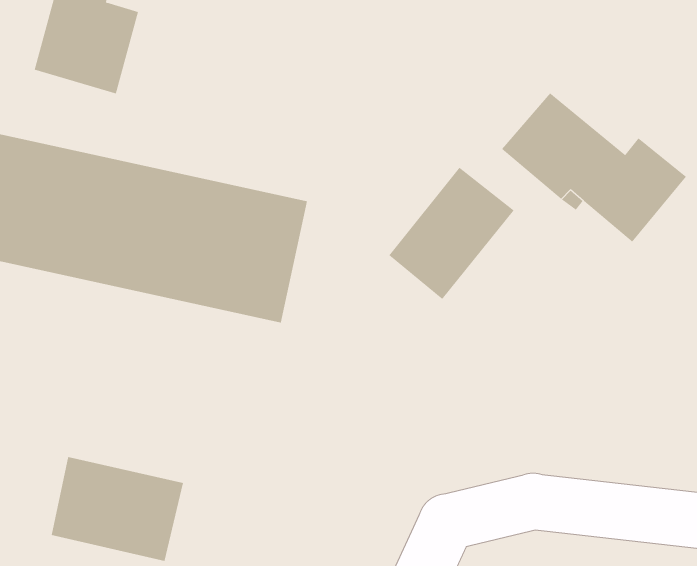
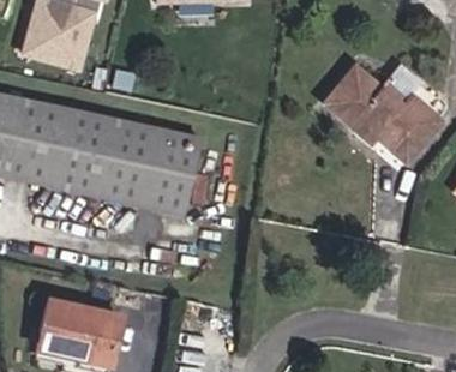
building: [389,167,515,300] -> none

